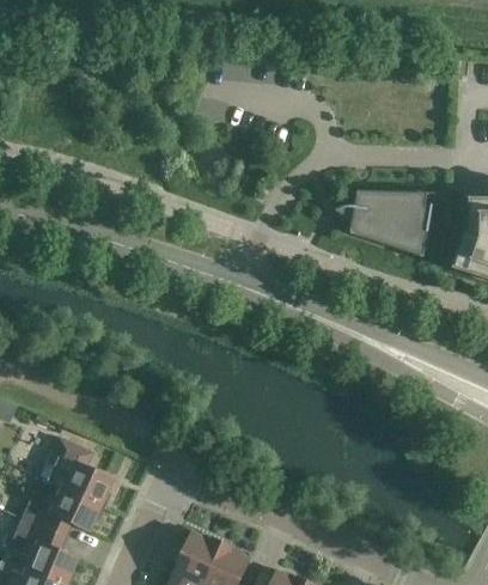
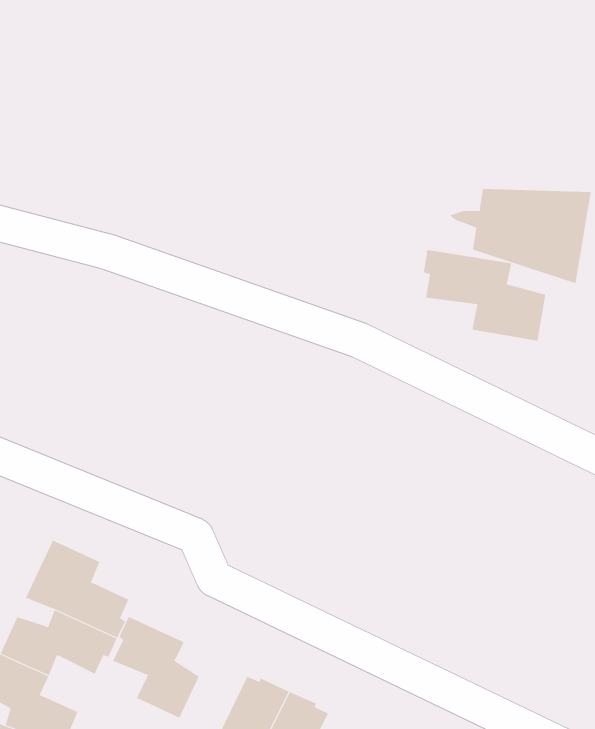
building: none -> [423,249,546,342]
building: none -> [113,616,199,719]

